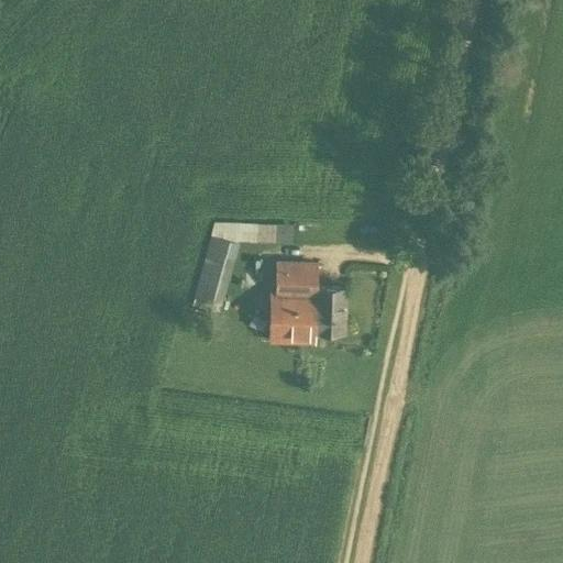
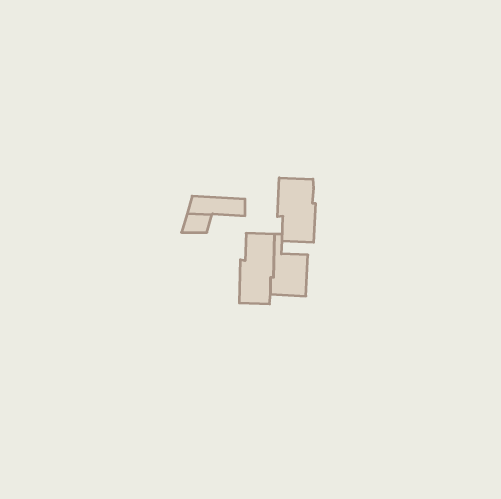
building: none -> [277,178,315,242]
building: [192,263,232,307] -> none

